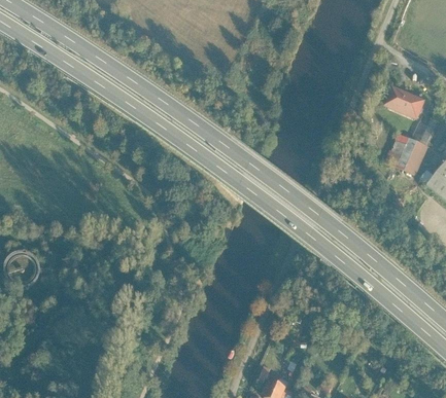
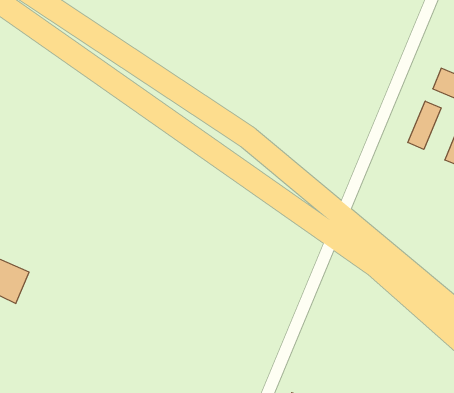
building: none -> [408,101,441,149]

